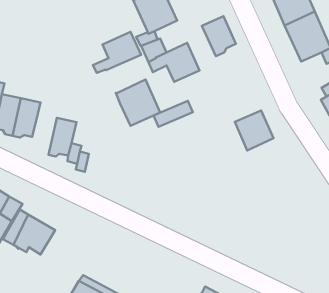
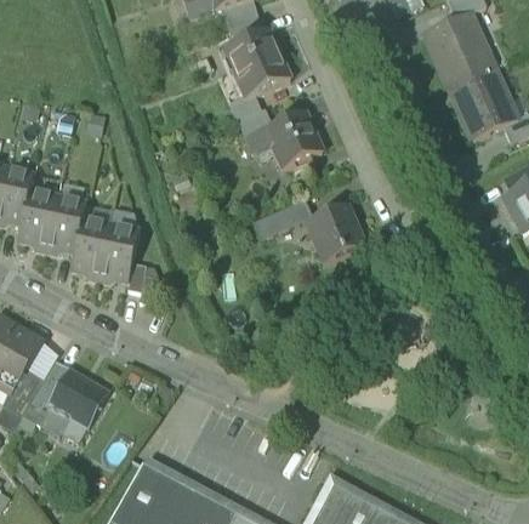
building: [202,16,236,56] -> none
building: [93,32,141,73] -> none
building: [116,80,160,126] -> none
building: [235,110,273,150] -> [307,206,364,266]
building: none -> [70,218,110,279]

